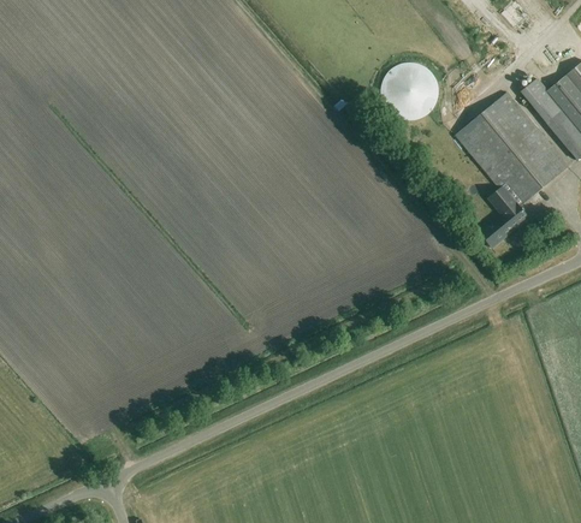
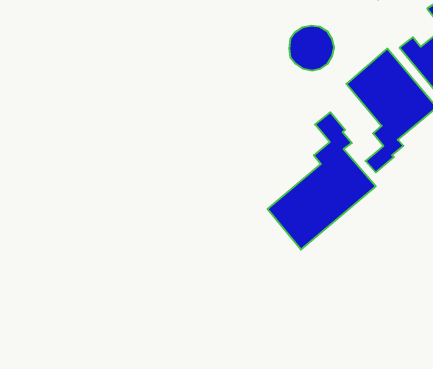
building: none -> [268,112,376,250]

